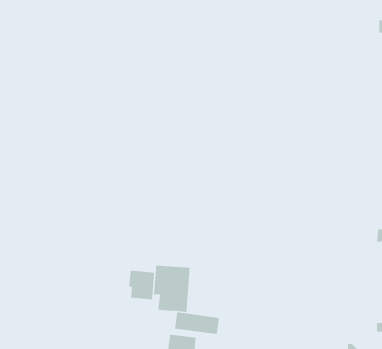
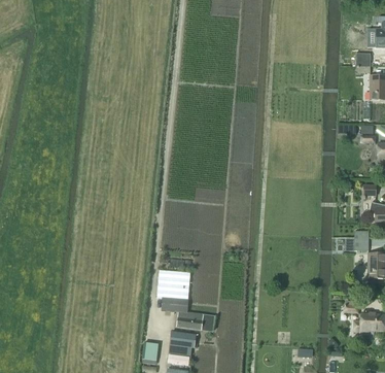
building: [128,270,155,300] -> none

